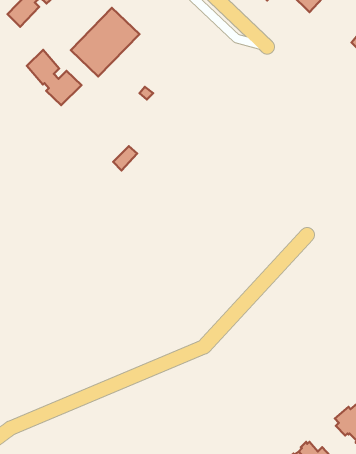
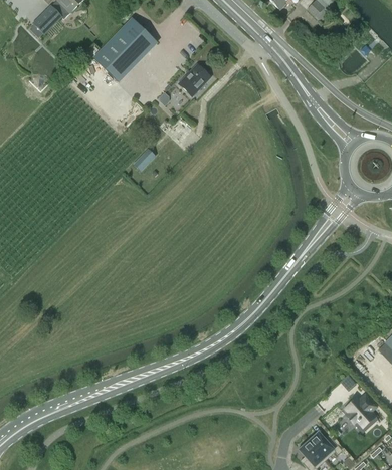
building: [27,50,81,105] -> none
building: none -> [178,64,208,95]

